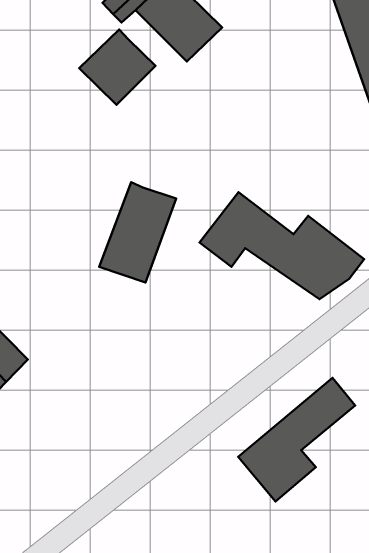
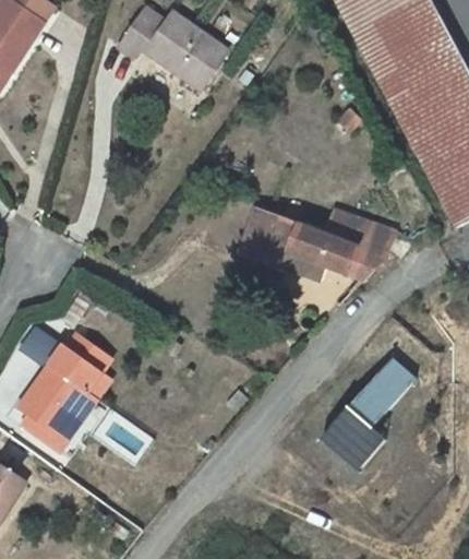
building: [79,29,156,105] -> none
building: [99,182,176,282] -> none

